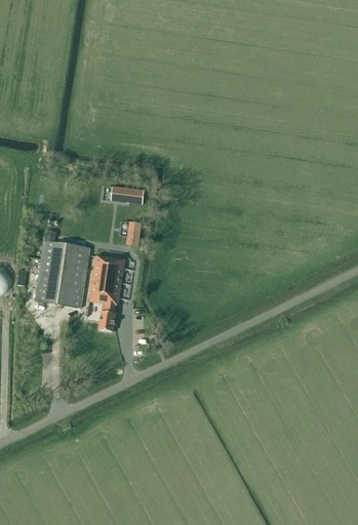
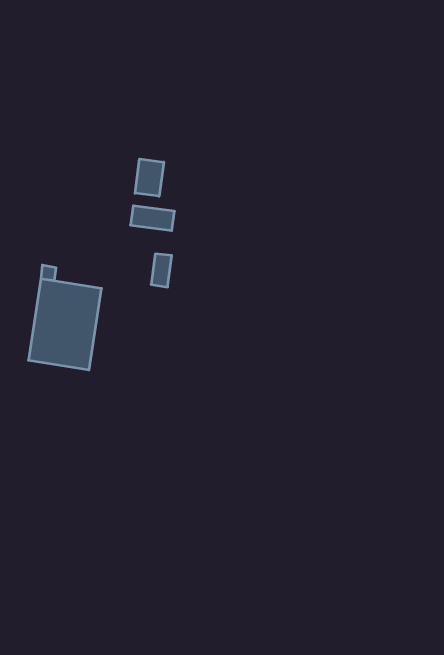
building: none -> [135,159,164,196]
building: [89,255,125,331] -> none

